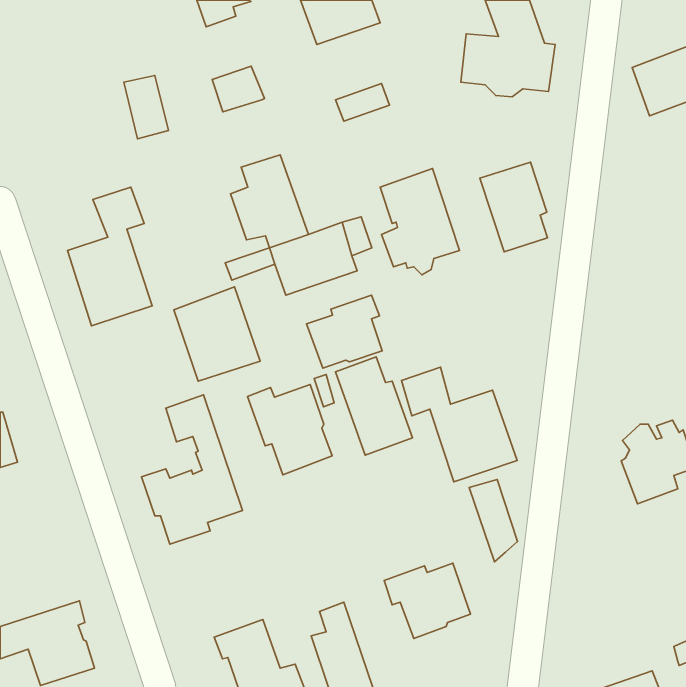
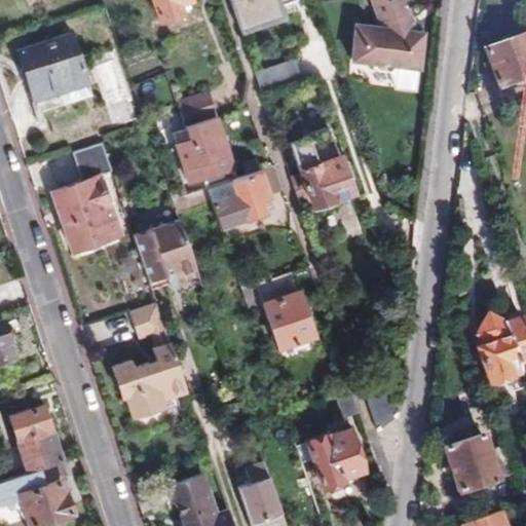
building: none -> [18,33,92,112]
building: [212,66,265,112] -> [178,93,218,128]
building: [480,162,547,252] -> none
building: [307,295,382,368] -> none
building: [402,367,517,482] -> none
building: [247,384,332,475] -> none
building: none -> [12,406,61,468]
building: none -> [441,438,509,494]

